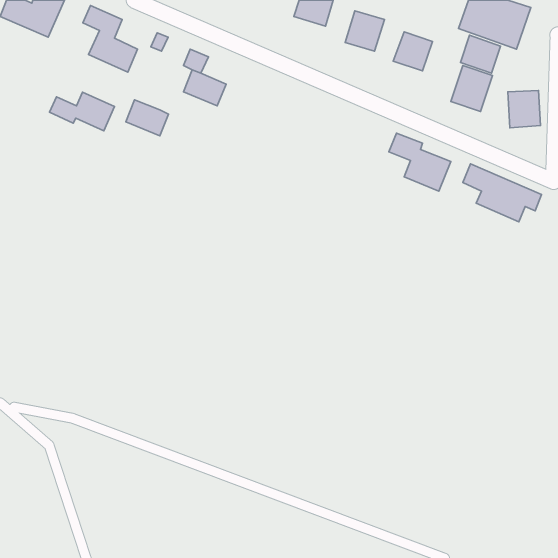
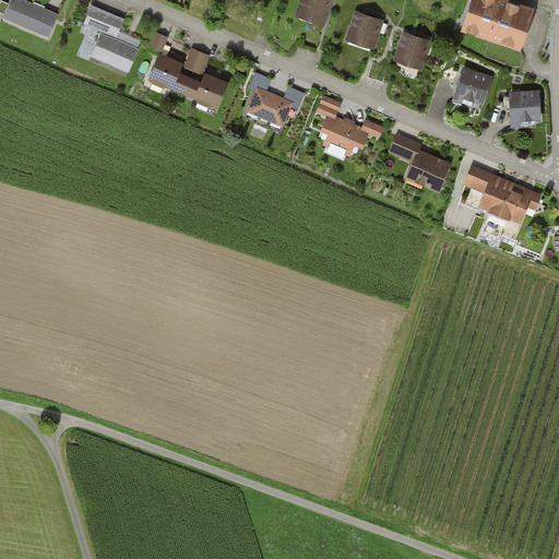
building: [460,35,501,73] -> none
building: none -> [245,72,306,127]
building: [50,92,115,131] -> none
building: none -> [316,96,384,159]
building: [126,100,168,136] -> [150,56,192,92]

